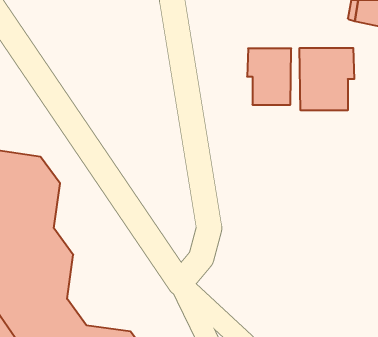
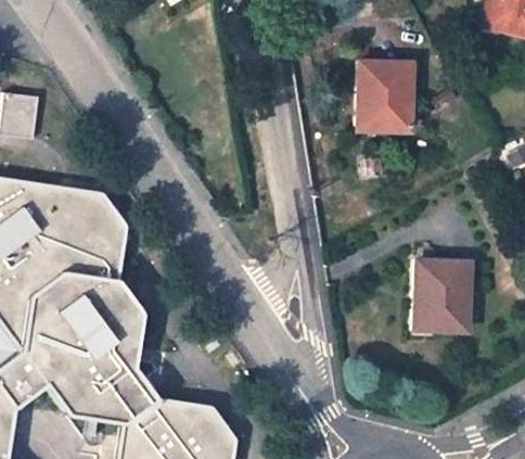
building: [300,48,354,110] -> none
building: none -> [412,258,468,331]

